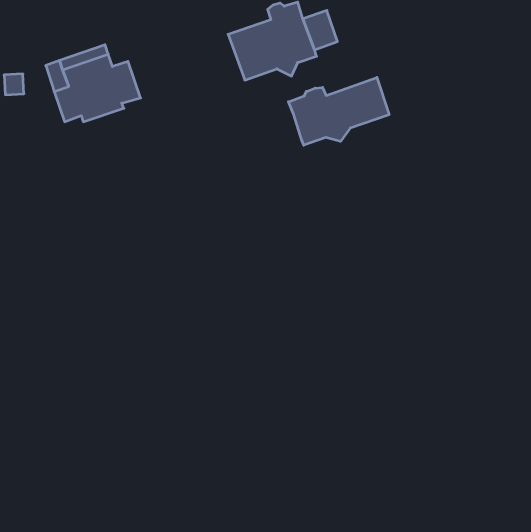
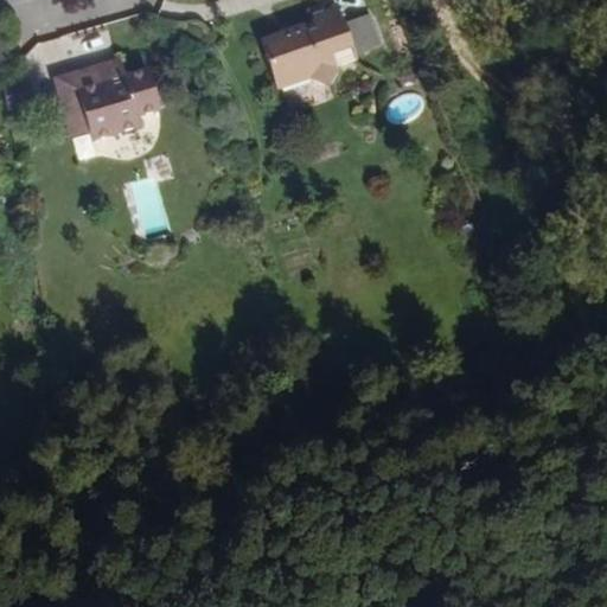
building: [288,77,389,145] -> none

